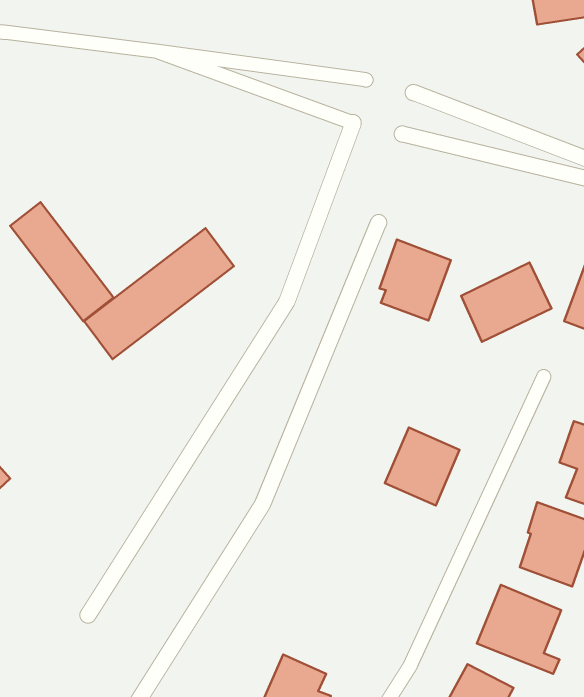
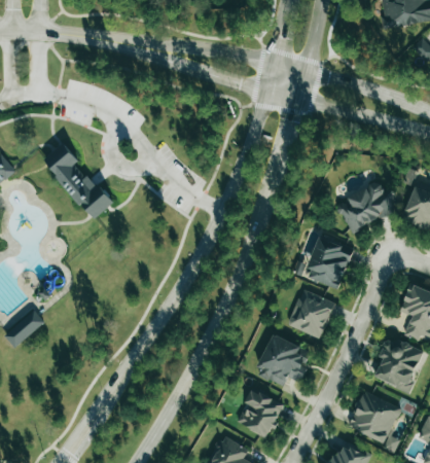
building: [84,228,234,359] -> none
building: [379,239,451,320] -> [307,236,353,288]
building: none -> [255,333,311,386]
building: none -> [236,388,284,437]

